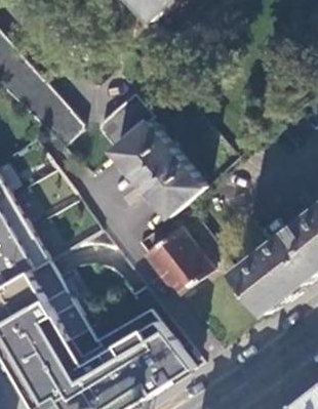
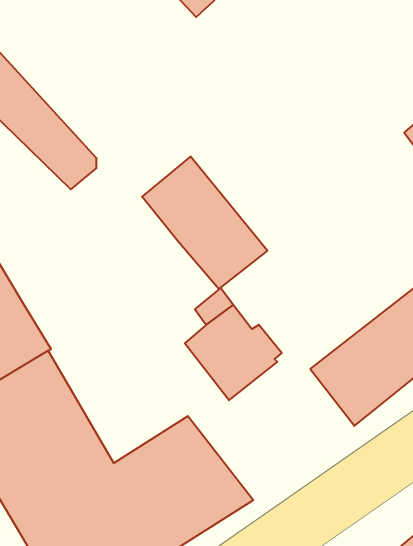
building: [101,92,155,148] -> none

